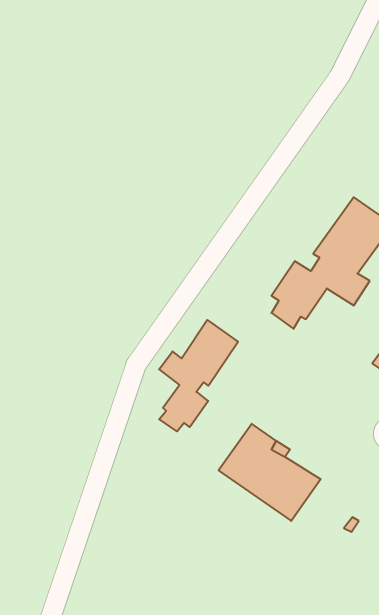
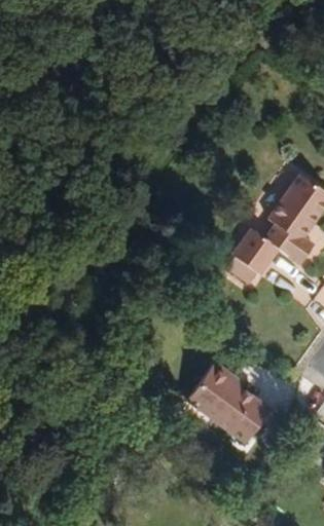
building: [159,320,238,431] -> none

